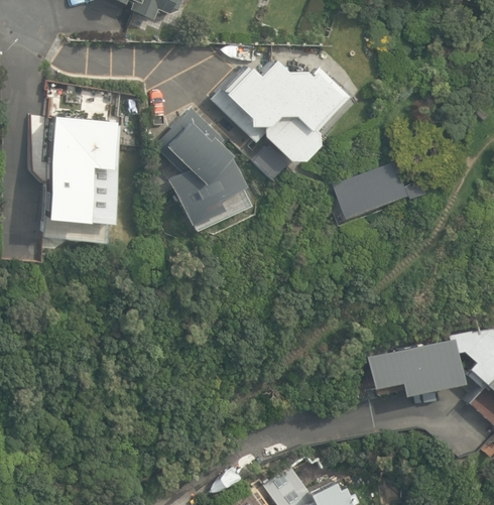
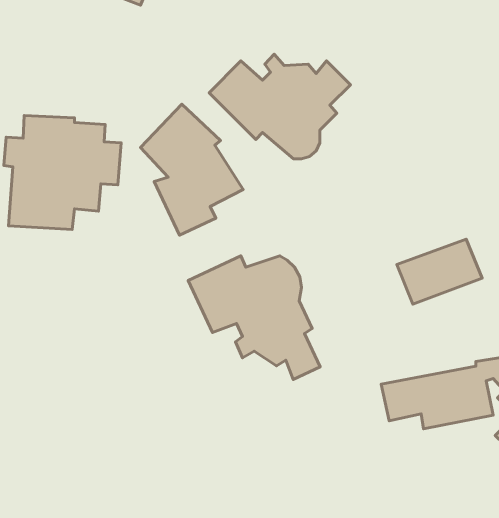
building: [336,162,411,220] -> [397,239,482,304]
building: none -> [188,256,320,379]

